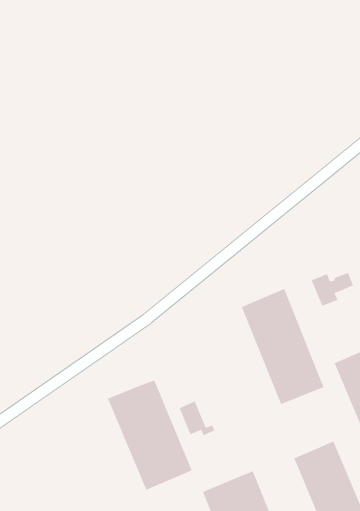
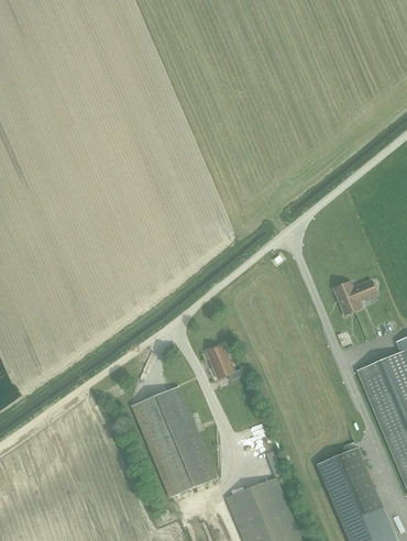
building: [241,288,324,405] -> none
building: [179,400,215,436] -> [206,345,242,380]

